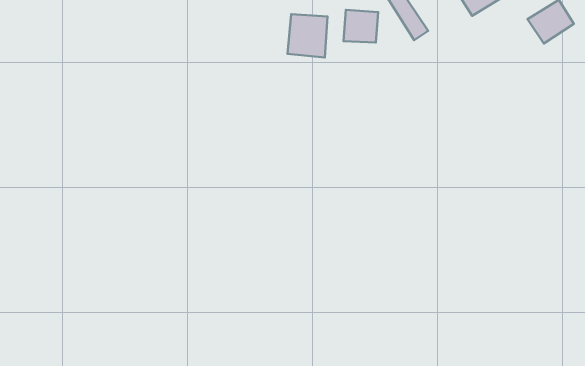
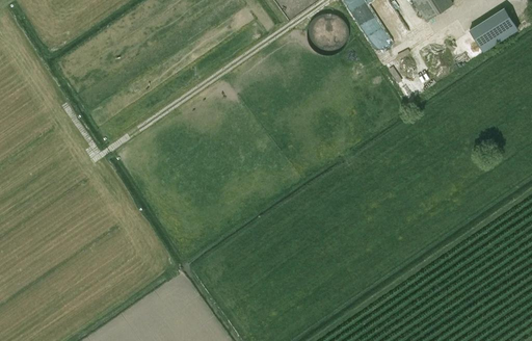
building: [288,14,328,57] -> none

